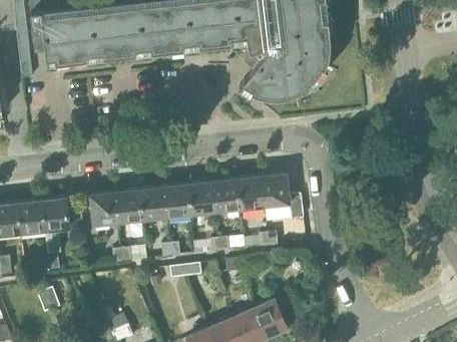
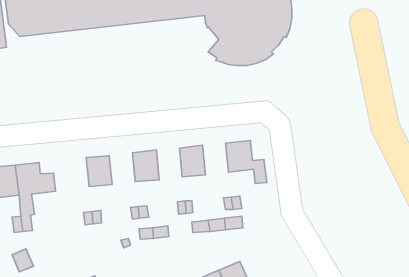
building: [237,177,264,210] -> none
building: [188,182,215,215] -> none
building: [139,187,166,220] -> none
building: [90,192,118,225] -> none

